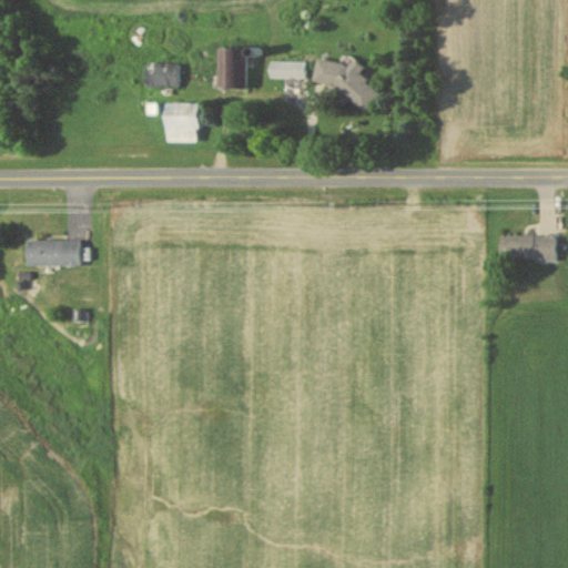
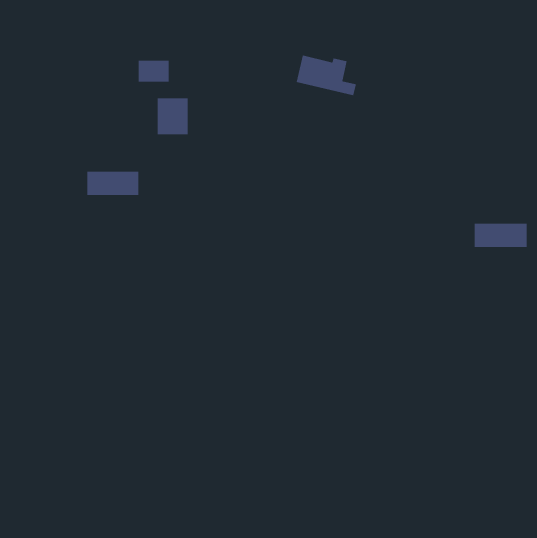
building: [219,49,246,89] -> none
building: [270,61,306,79] -> none
building: [24,240,80,265] -> [86,171,139,195]

